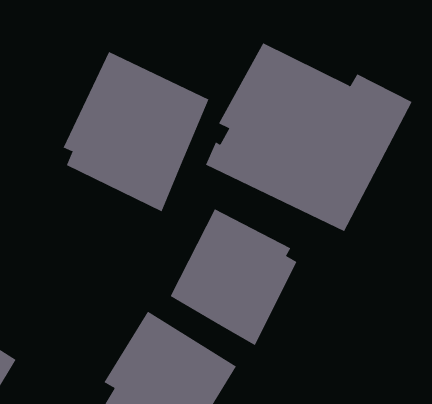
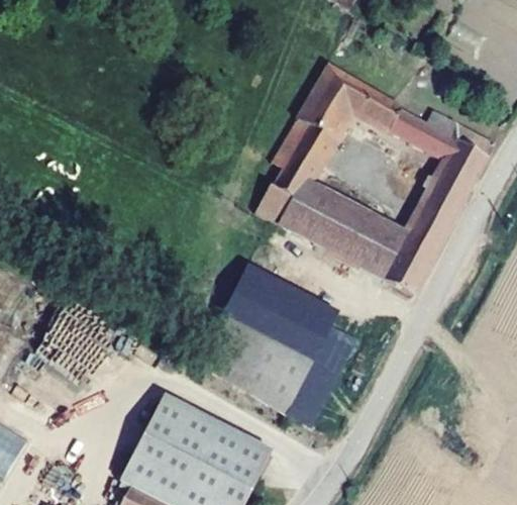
building: [63,51,209,212] -> none

